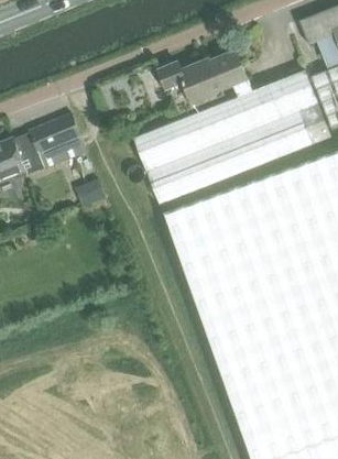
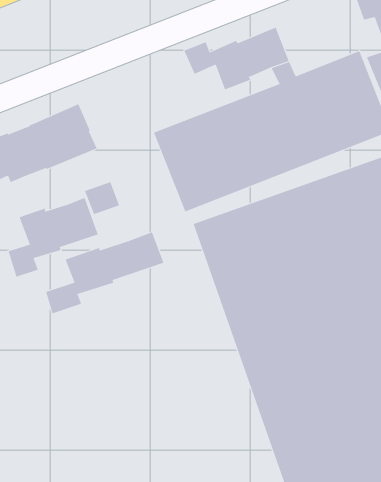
building: none -> [8,197,98,278]
building: none -> [45,232,164,314]

